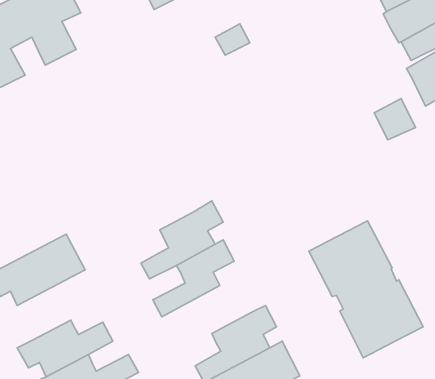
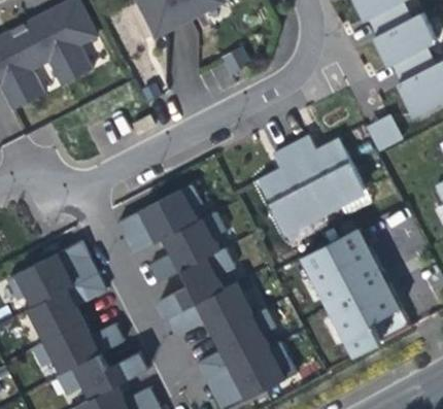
building: none -> [257,135,364,231]
building: none -> [117,184,201,253]
building: none -> [30,274,105,340]
building: none -> [168,282,251,336]

